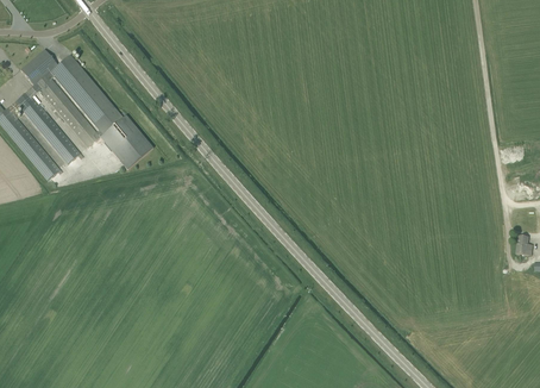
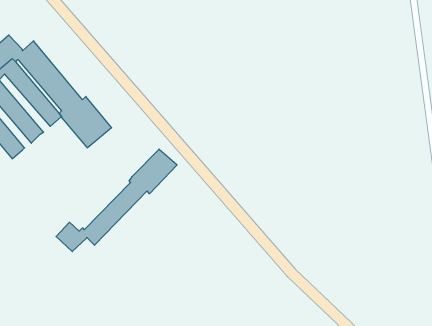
building: none -> [56,149,177,252]

